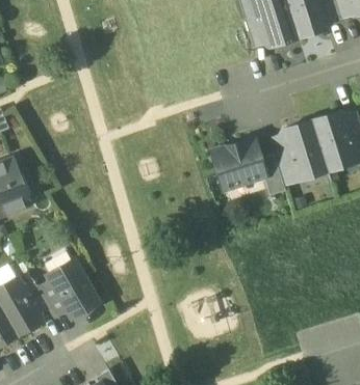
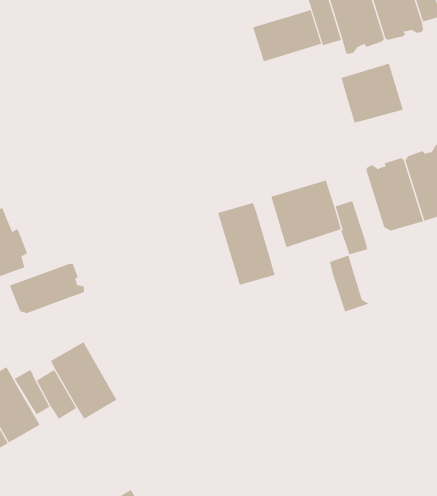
building: none -> [253,9,322,62]
building: none -> [341,63,403,124]
building: [272,140,302,183] -> [329,255,370,312]
building: none -> [217,202,275,286]
building: none -> [9,263,85,314]

